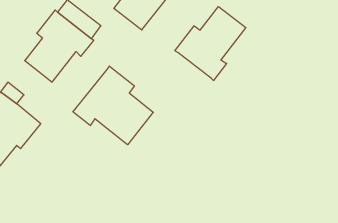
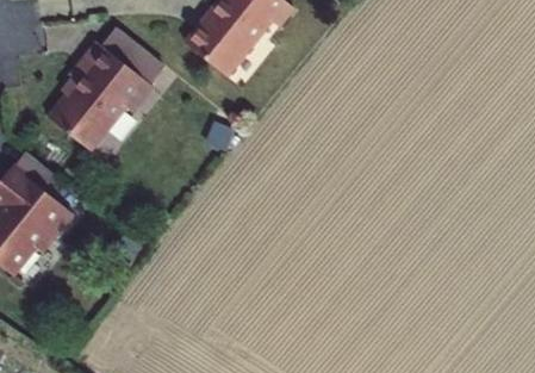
building: [175,7,246,81] -> none
building: [73,66,153,145] -> none

